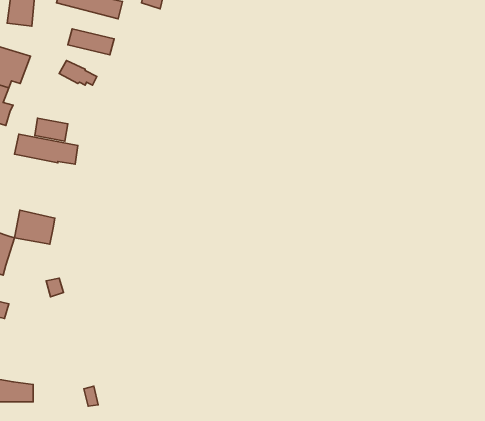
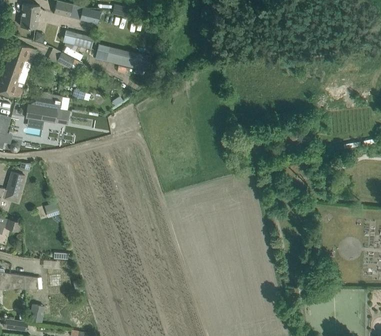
building: none -> [93,44,150,71]
building: [15,210,55,244] -> none

